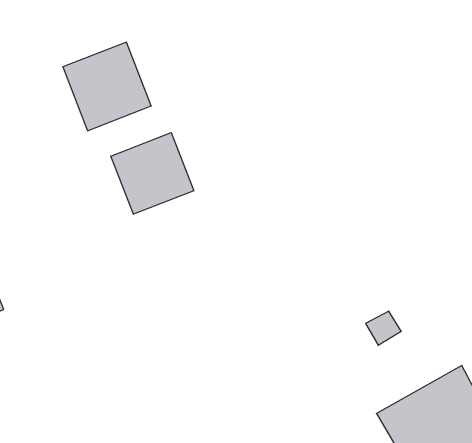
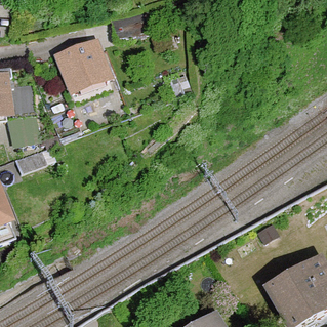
building: [111,133,194,214] -> none

